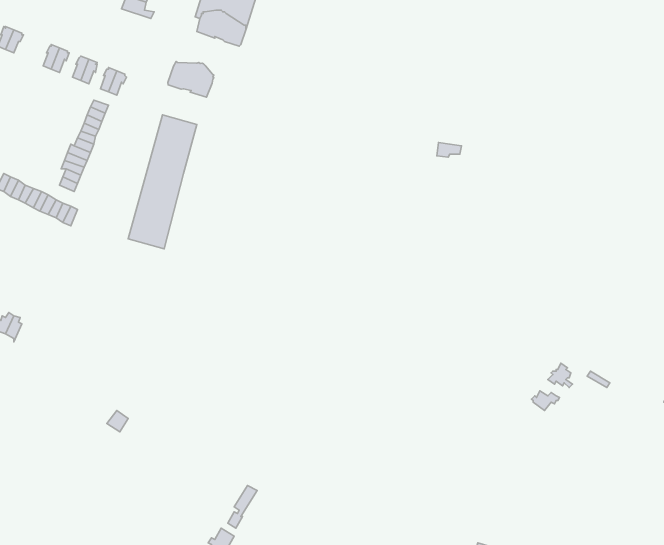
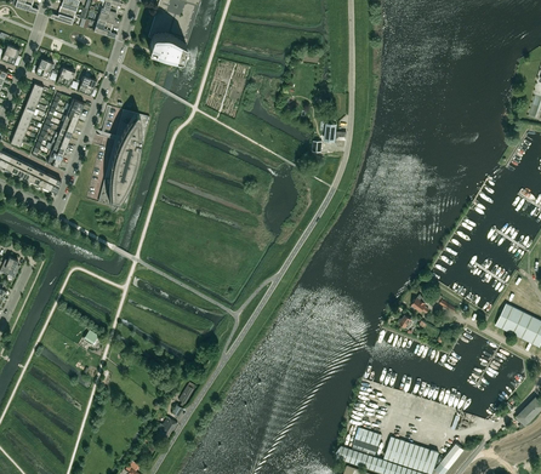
building: [168,62,214,97] -> none

